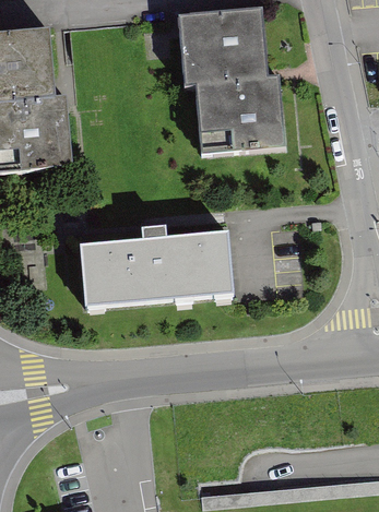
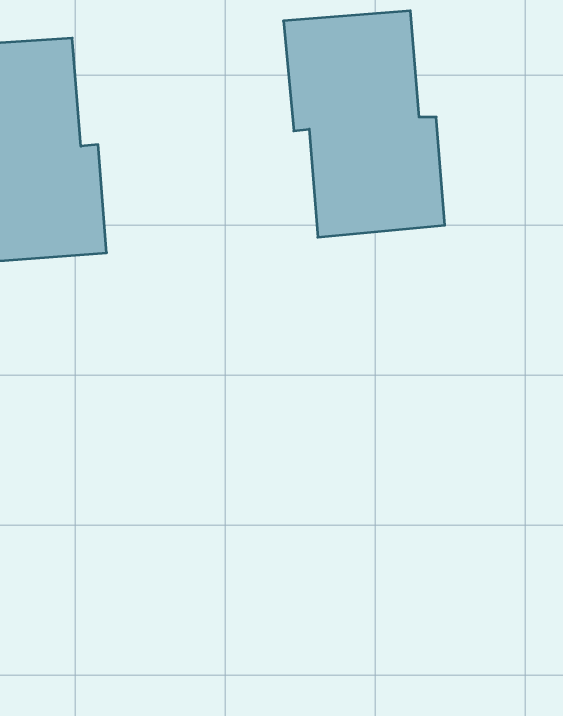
building: [82,231,232,302] -> none

